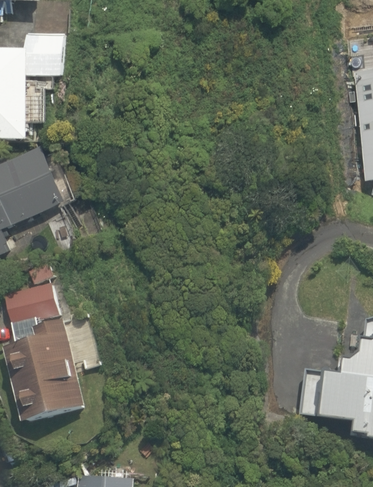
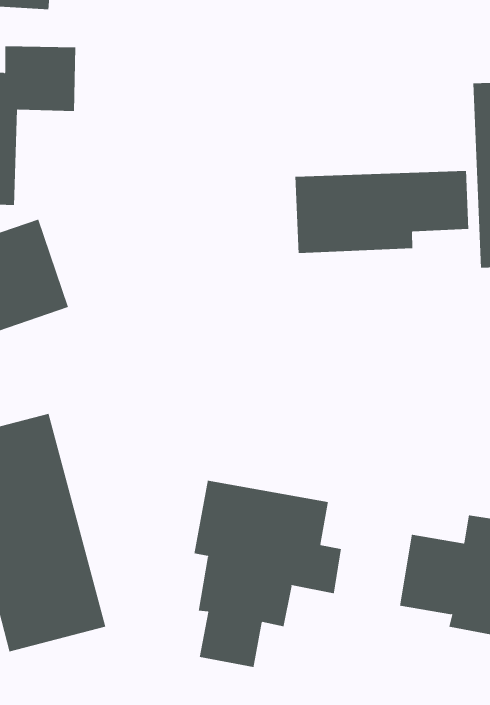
building: none -> [295,170,469,254]
building: none -> [194,480,341,668]

